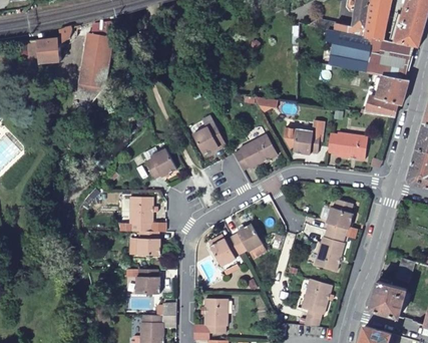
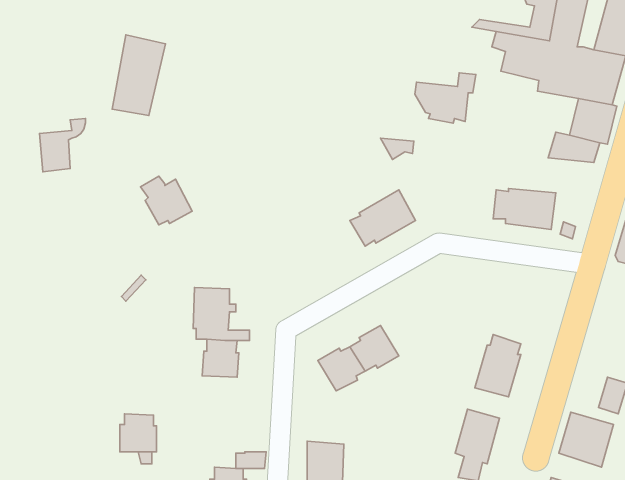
building: [37,25,67,60] -> [40,118,85,172]
building: [283,122,323,155] -> [415,73,476,123]
building: [191,126,223,156] -> none
building: [143,148,177,181] -> [140,176,192,225]
building: [326,200,356,239] -> none
building: [135,271,159,296] -> [120,414,157,452]

